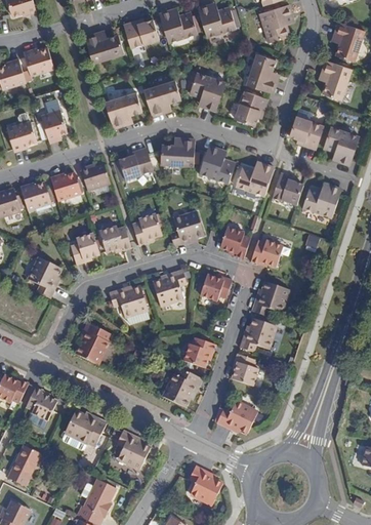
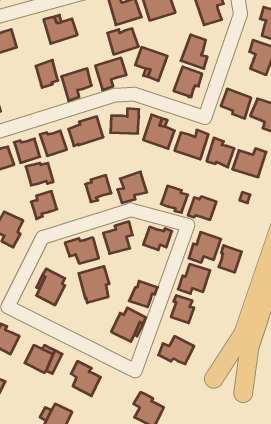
building: [123,18,159,48] -> [107,29,139,54]
building: [41,109,67,140] -> [36,60,58,88]
building: [99,228,131,253] -> [26,163,53,185]
building: none -> [219,245,242,272]
building: none -> [79,266,109,303]

